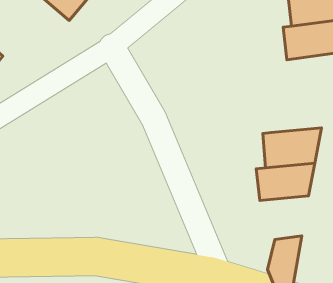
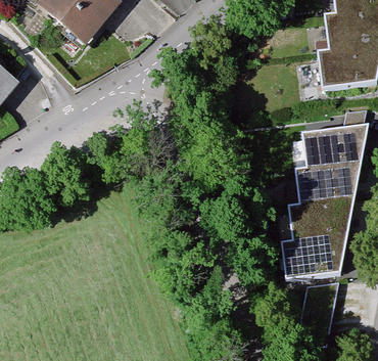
building: none -> [303,123,370,166]
building: none -> [284,235,347,275]

